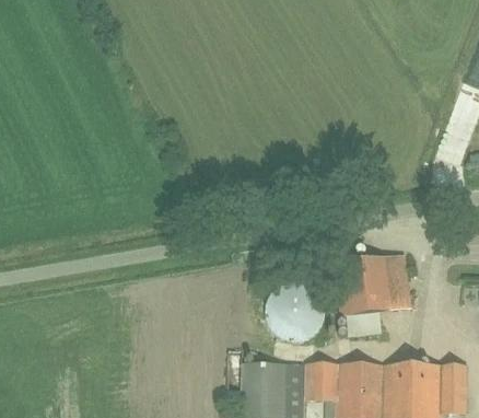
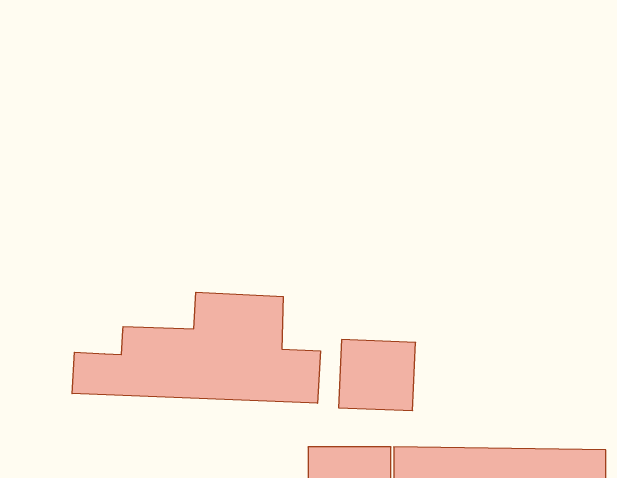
building: none -> [72,292,320,403]
building: [343,251,408,334] -> none

